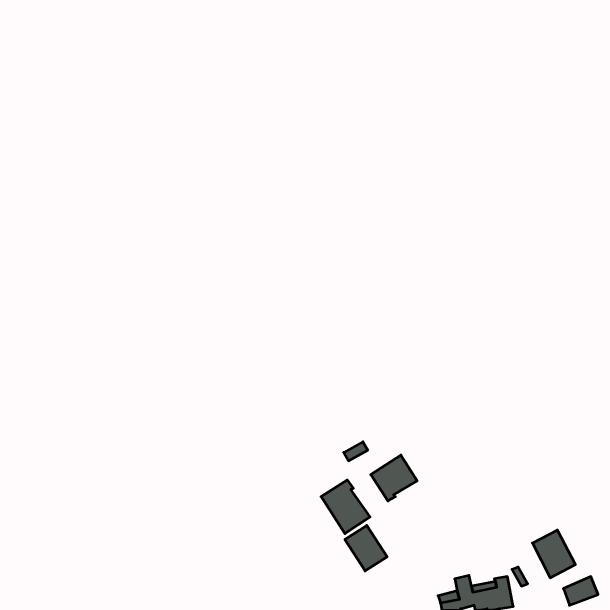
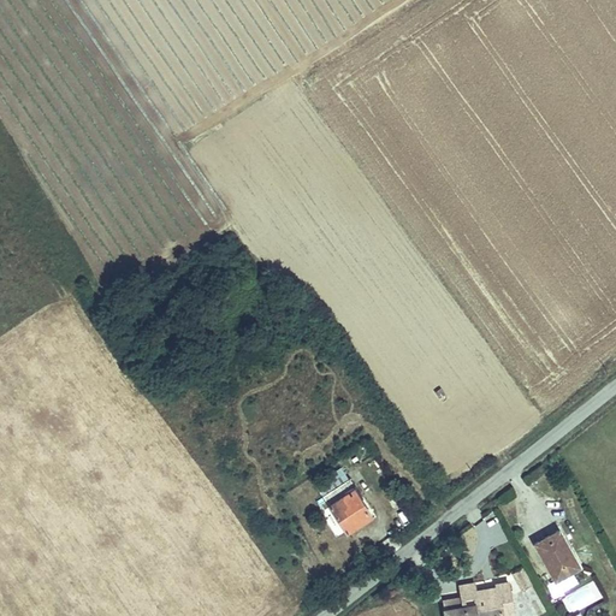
building: [371,455,417,501] -> none
building: [345,525,387,571] -> none

